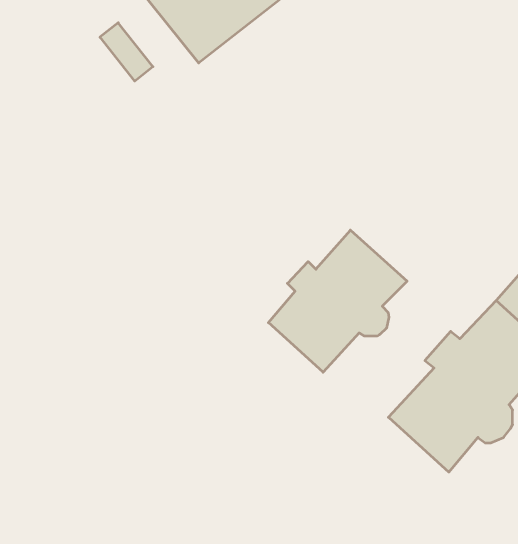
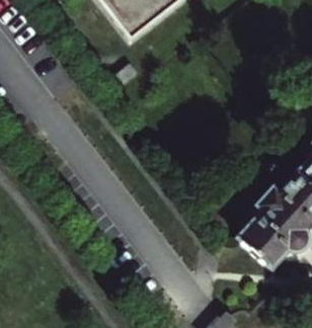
building: [268,230,407,372] -> none

